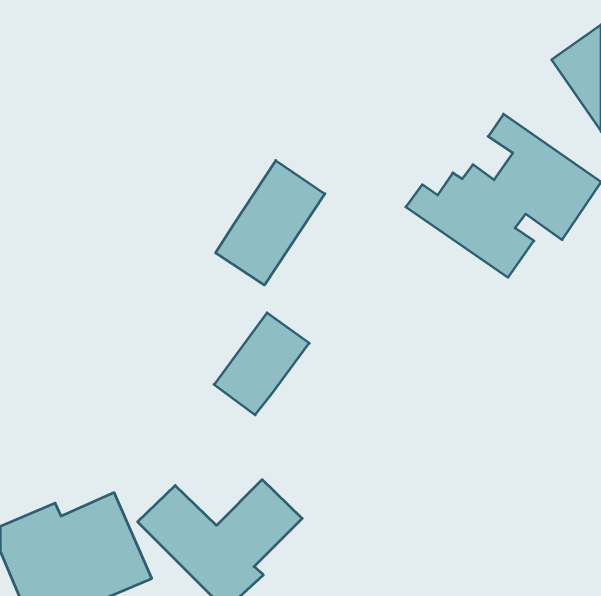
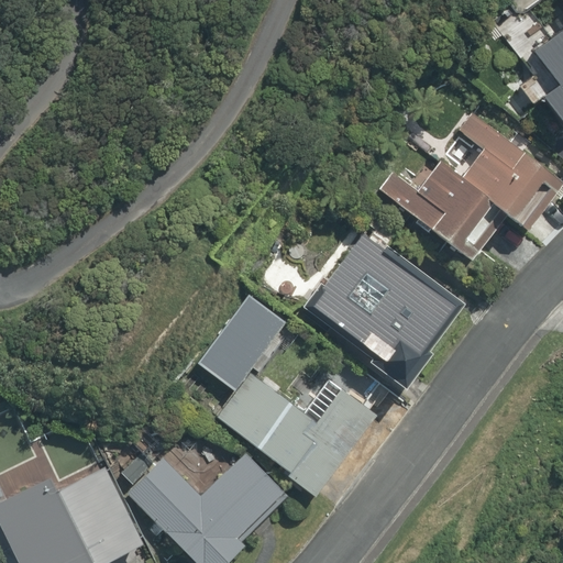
building: [216,160,325,285] -> none
building: none -> [300,232,454,389]
building: none -> [218,373,378,496]

